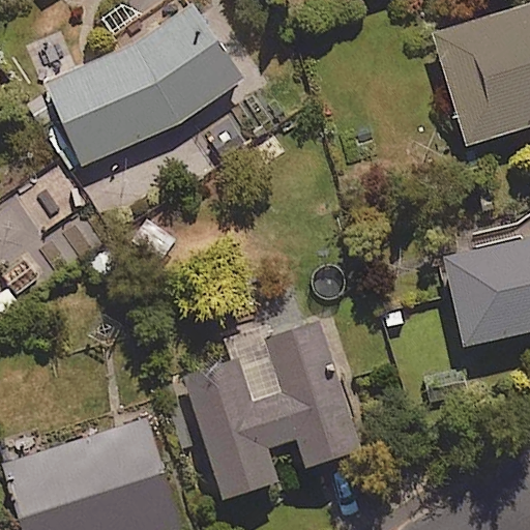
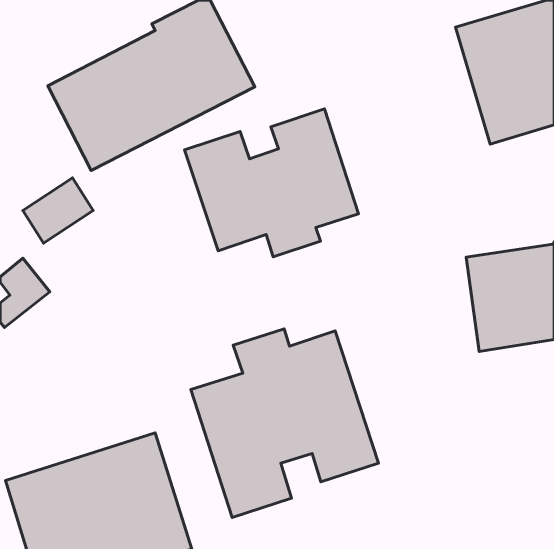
building: none -> [184,109,359,257]

